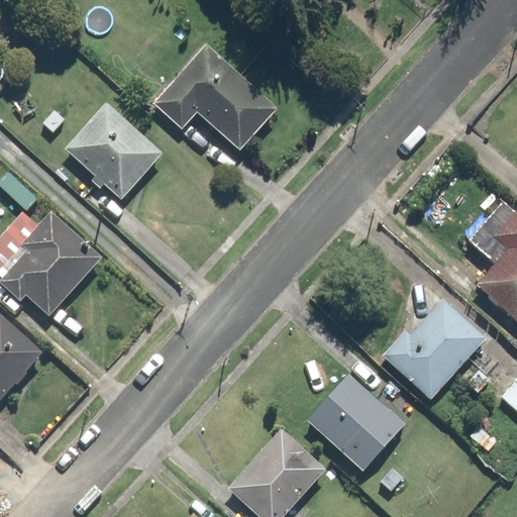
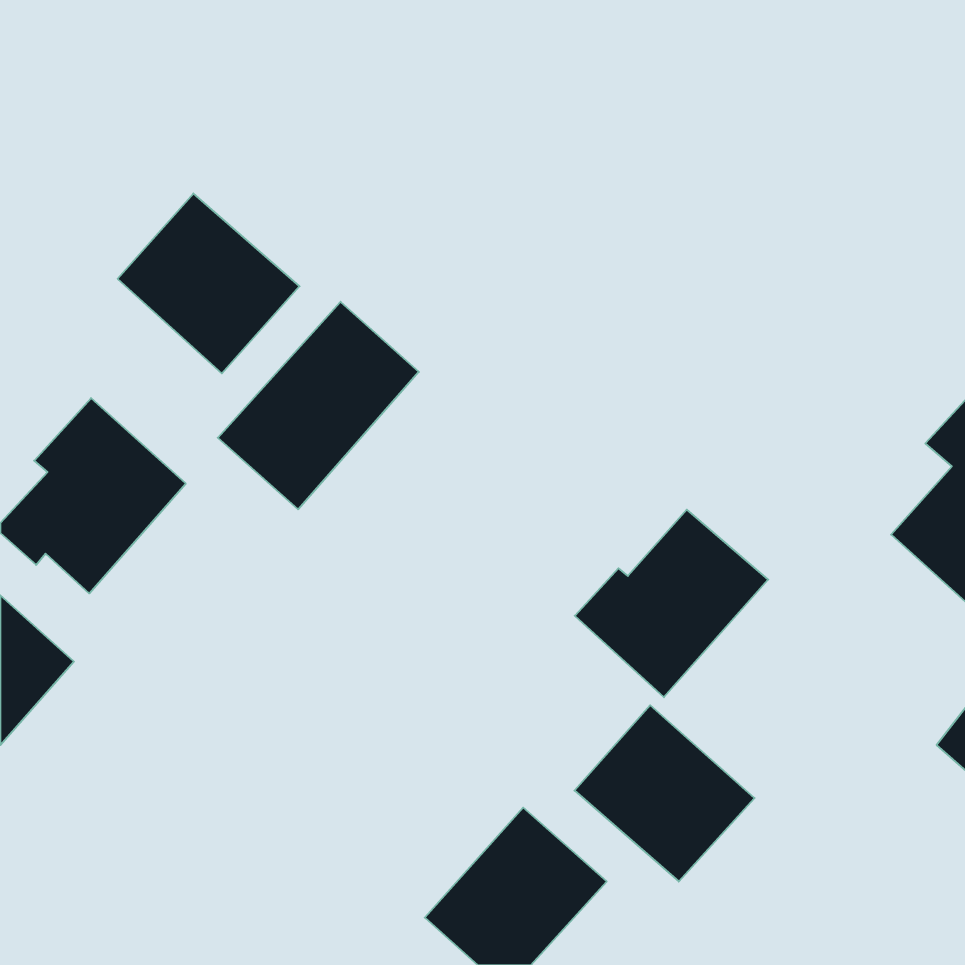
building: [149,41,278,151] -> none
building: none -> [218,302,419,509]
building: [383,300,486,400] -> [575,510,768,697]

